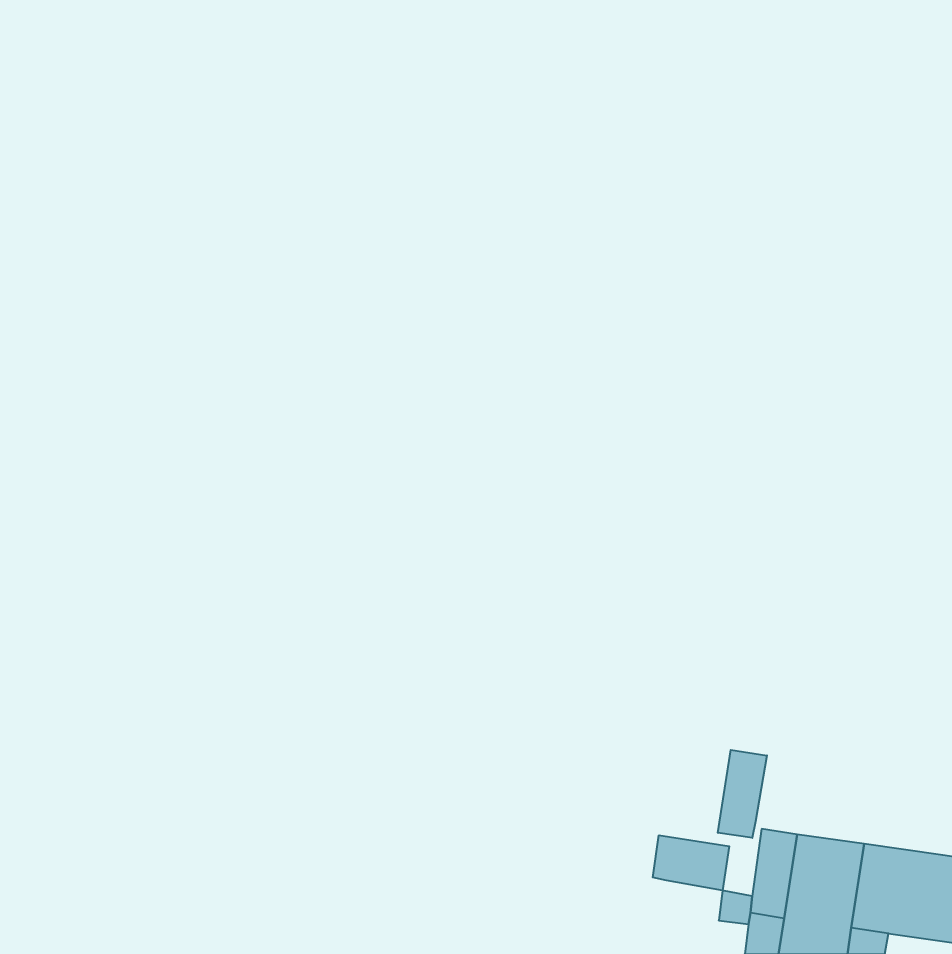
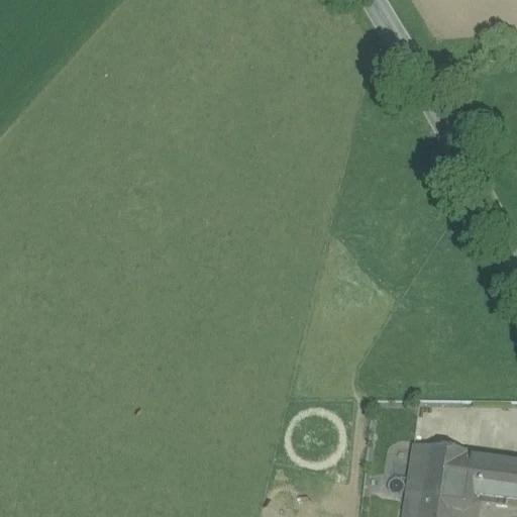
building: [718,750,767,838] -> none
building: [653,835,729,891] -> none

